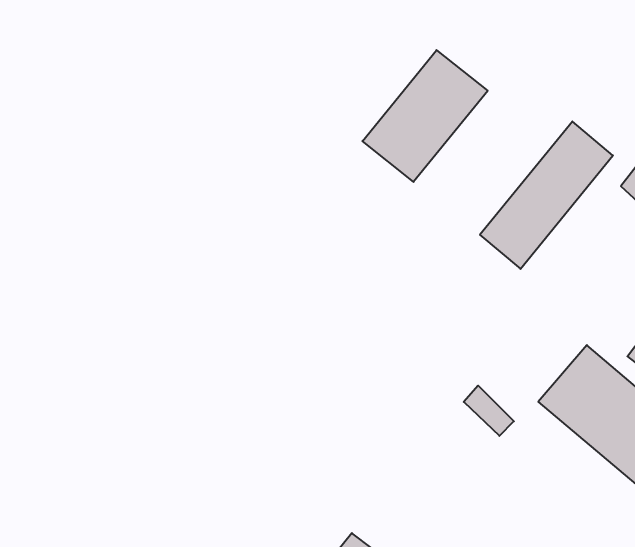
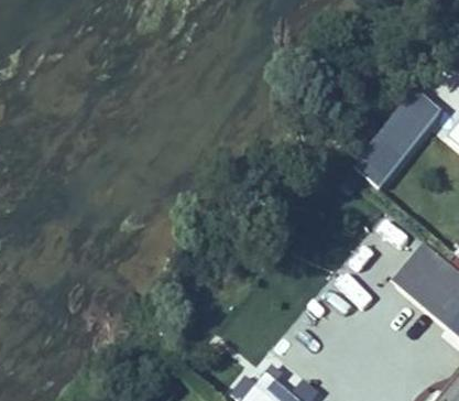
building: [362,50,488,182] -> none

